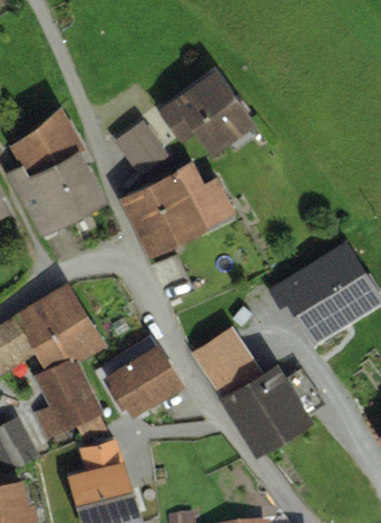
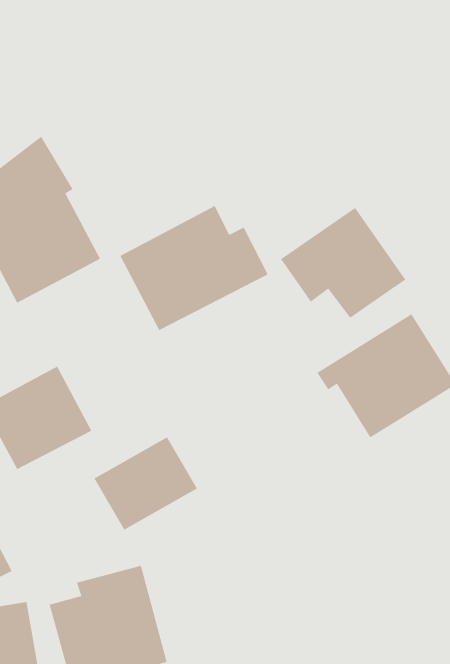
building: [155,71,252,157] -> [280,207,406,318]
building: [110,120,165,177] -> none
building: [199,332,335,463] -> none
building: [43,357,109,434] -> none

